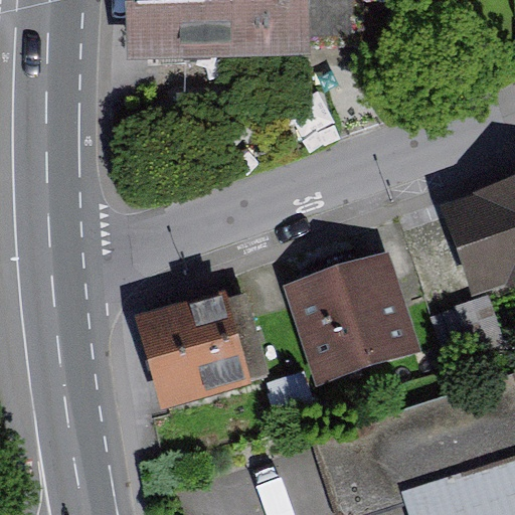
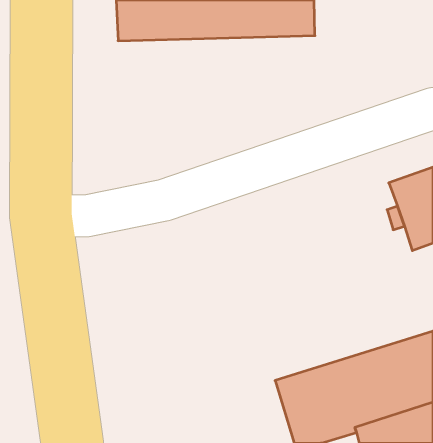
building: [297,263,416,378] -> none
building: [143,296,264,404] -> none

